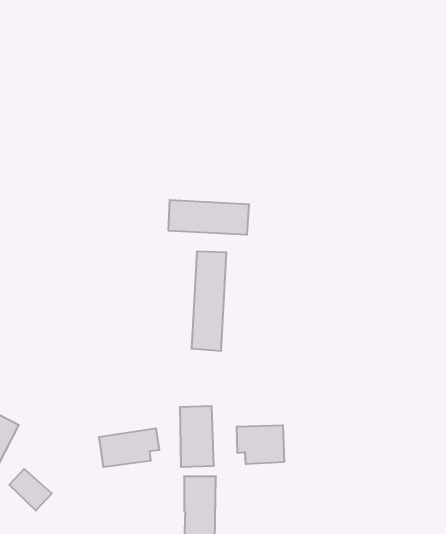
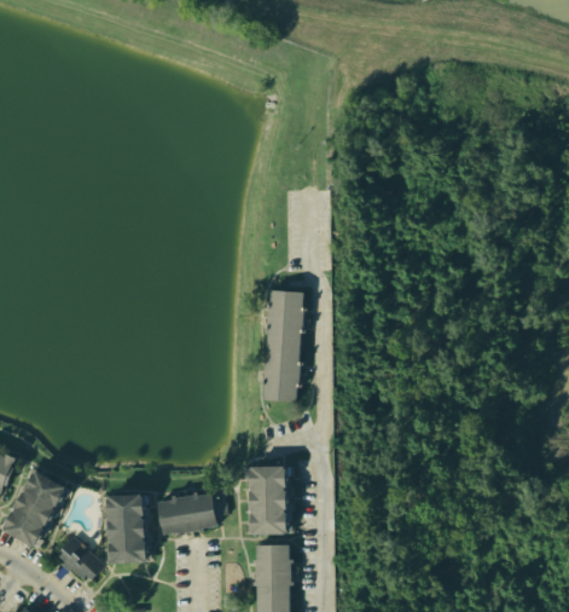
building: [168,200,249,235] -> none
building: [237,425,284,464] -> none
building: none -> [108,495,146,564]

